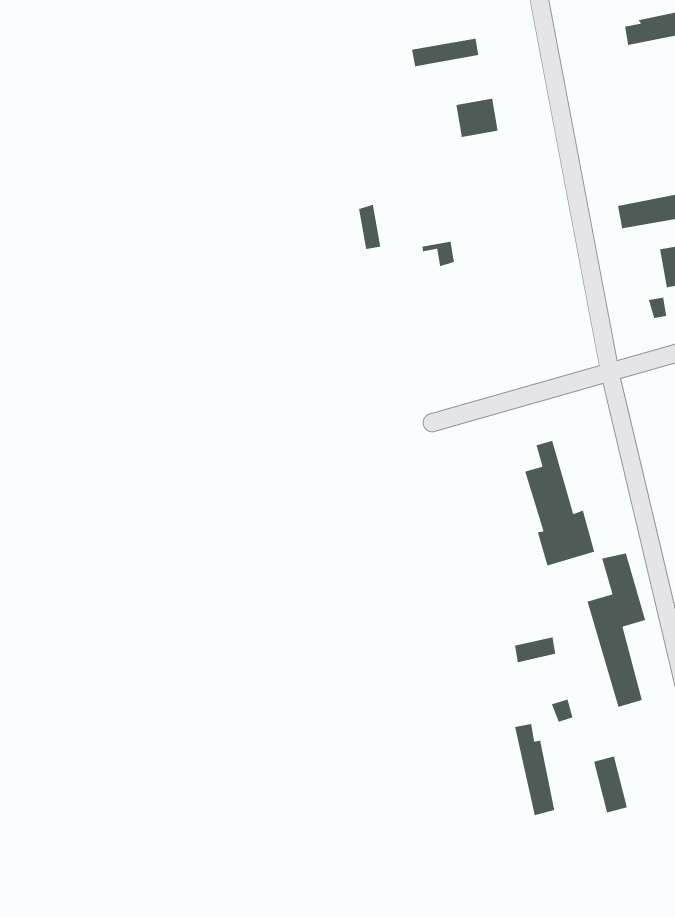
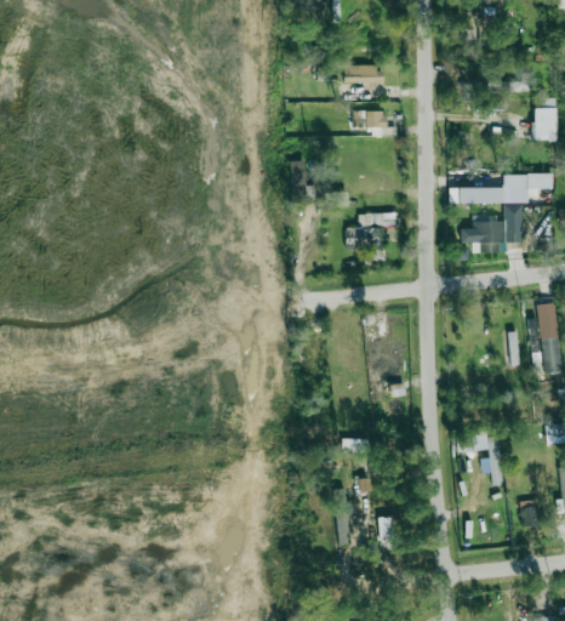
building: none -> [359,215,383,250]
building: [587,553,646,708] -> none

